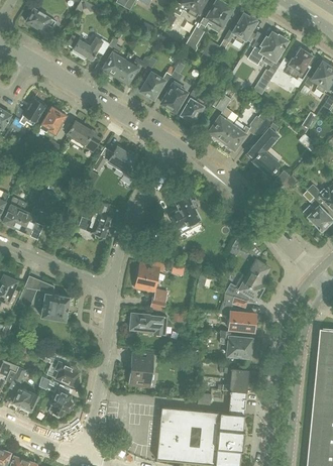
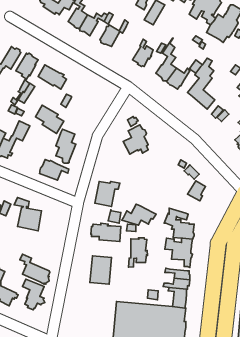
building: [161,73,187,112] -> none
building: [108,145,142,180] -> [36,105,64,134]
building: none -> [39,159,69,180]
building: [224,274,265,300] -> [122,204,156,225]
building: none -> [128,238,147,267]

